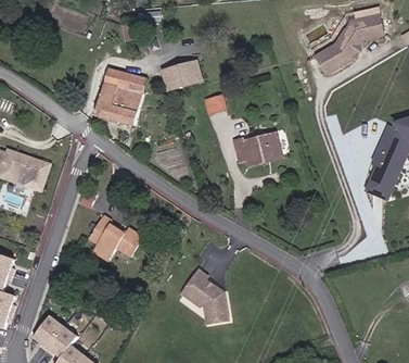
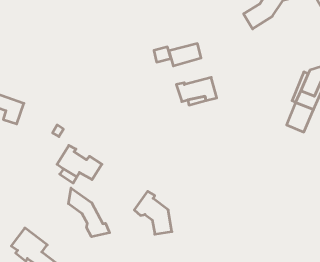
building: [163,62,202,89] -> [169,44,201,66]
building: [95,67,146,124] -> none
building: none -> [68,188,110,237]

